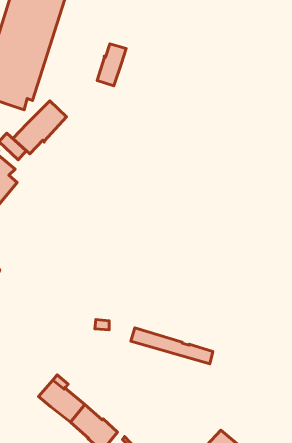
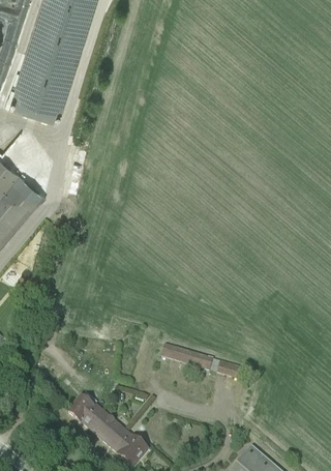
building: [97,44,126,86] -> none
building: [13,101,67,154] -> none

